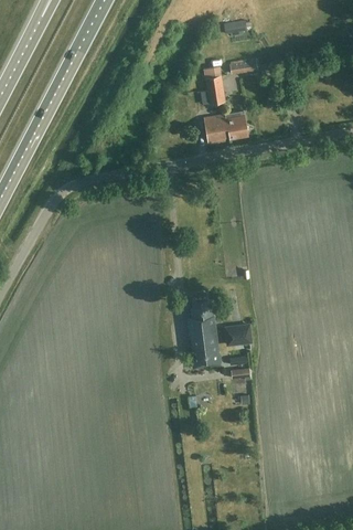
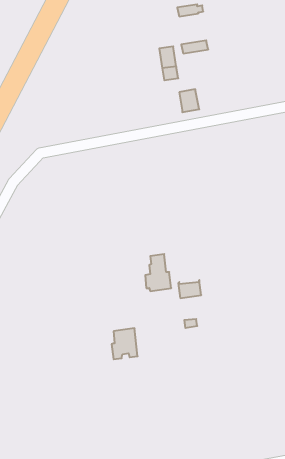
building: [204,115,229,142] -> none
building: [192,333,221,368] -> [112,328,138,359]

